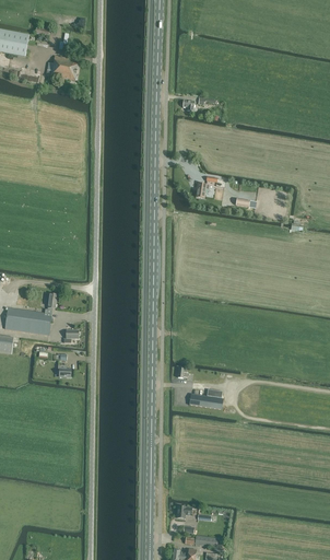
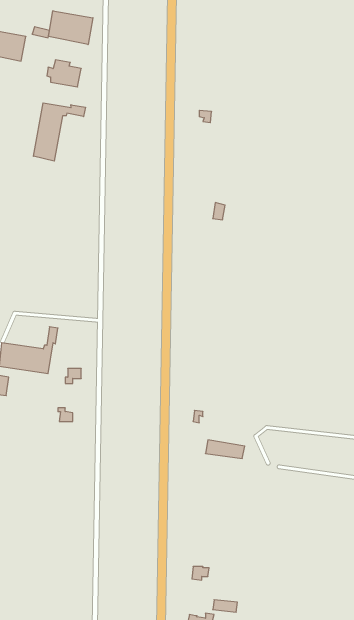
building: none -> [49,11,93,45]
building: none -> [33,103,85,161]

